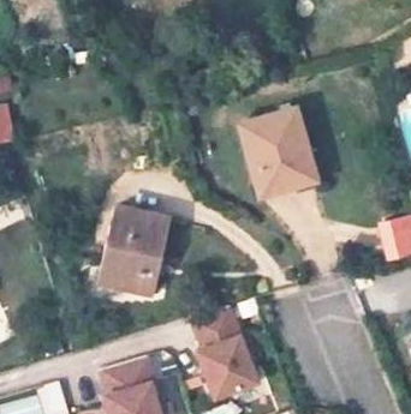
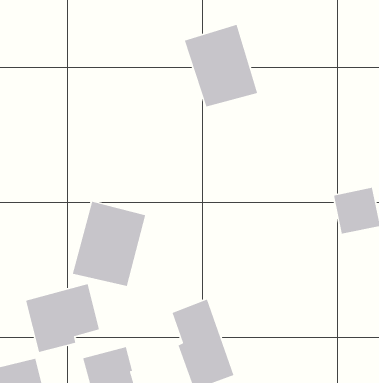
building: [243,106,320,192] -> [184,24,258,108]
building: none -> [25,283,100,353]

